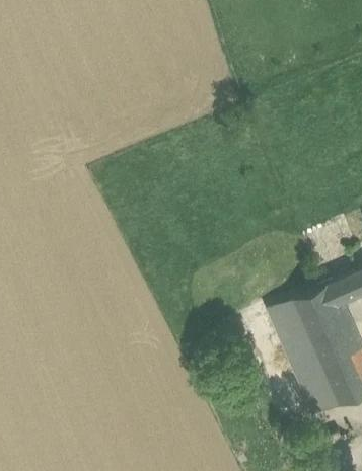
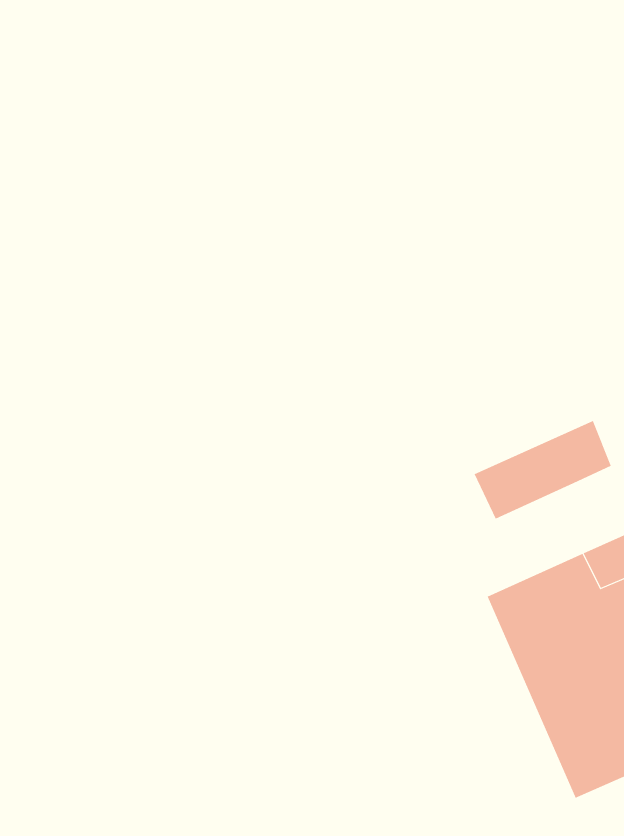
building: none -> [474,420,611,520]

